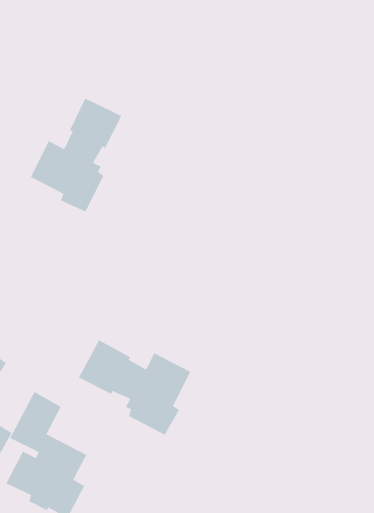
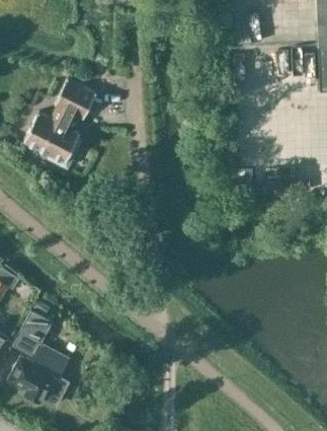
building: [78,339,191,435] -> none

